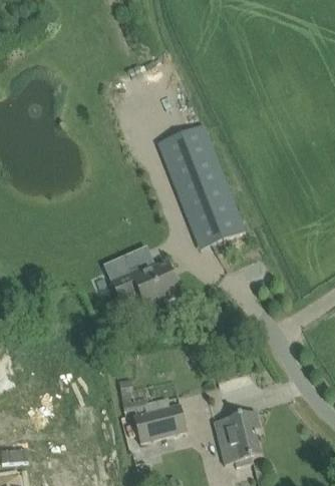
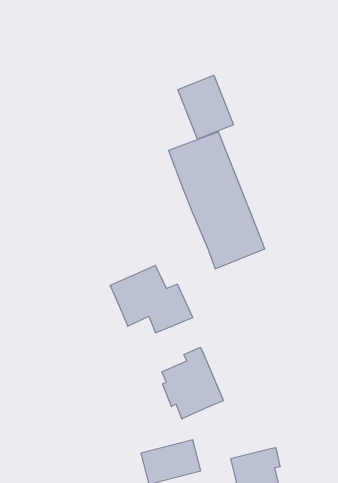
building: none -> [178,75,234,139]
building: none -> [162,347,223,419]

